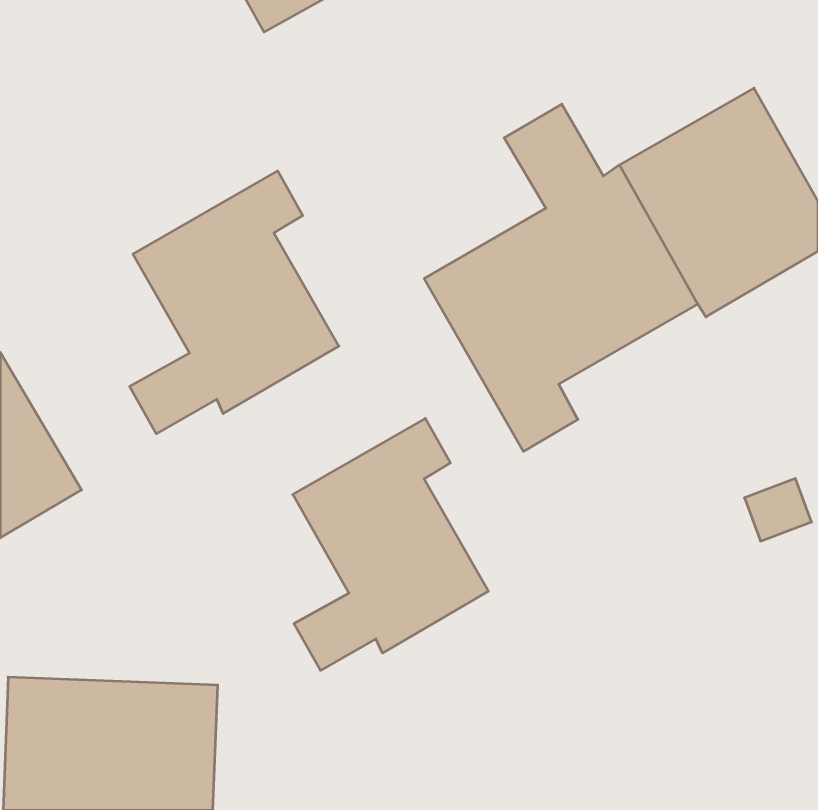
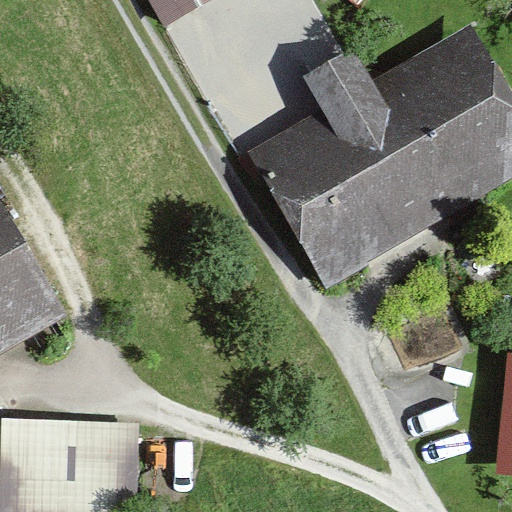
building: [130,171,339,434] -> none
building: [293,418,488,670] -> none

